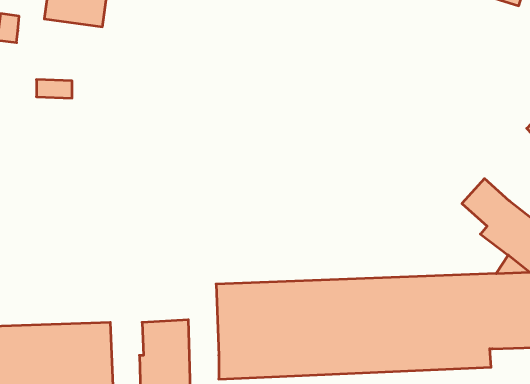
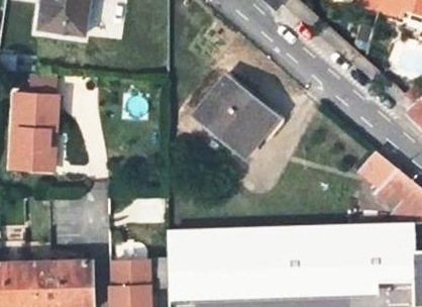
building: none -> [195,78,271,151]
building: none -> [10,90,58,168]

